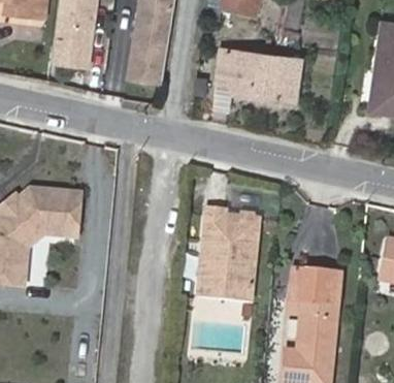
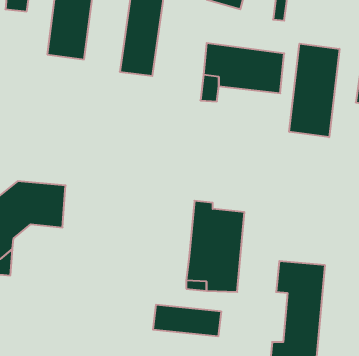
building: none -> [289,44,339,137]
building: none -> [153,305,221,336]

